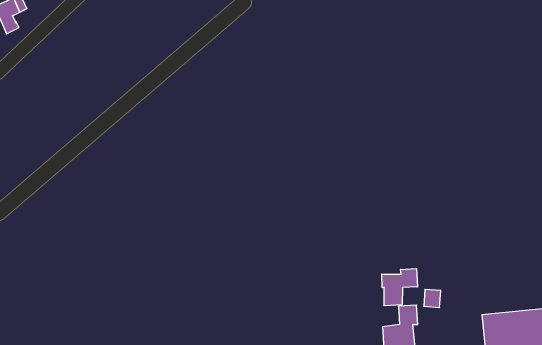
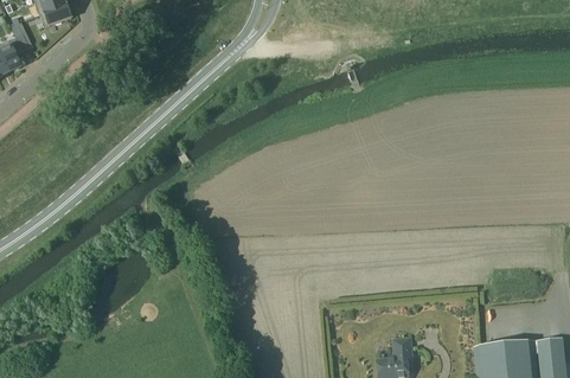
building: [382,269,417,306] -> none

